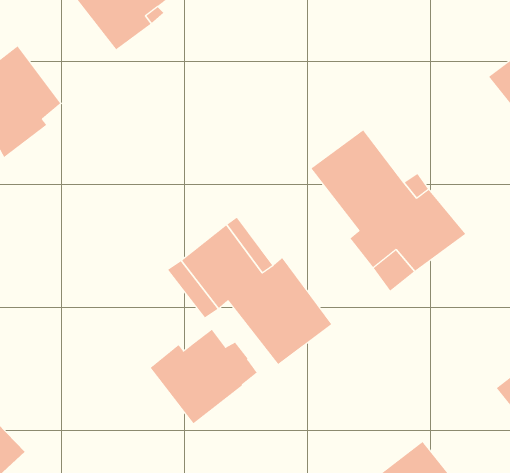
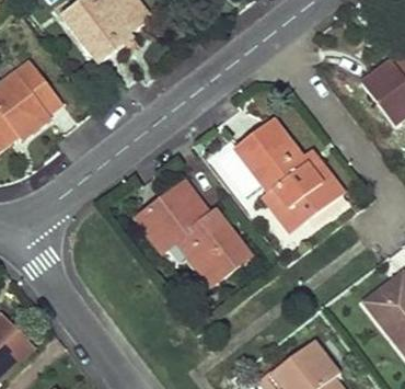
building: [150,329,258,424] -> none

